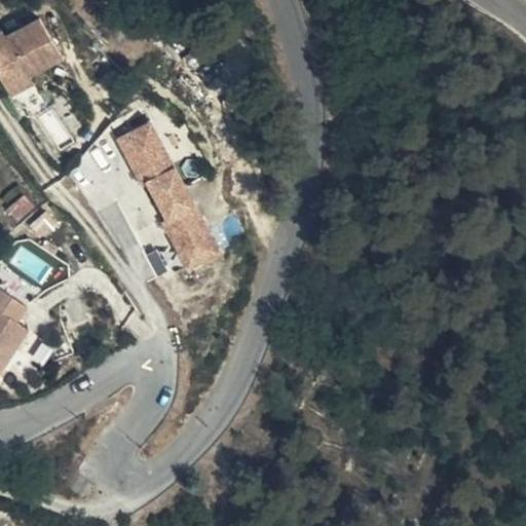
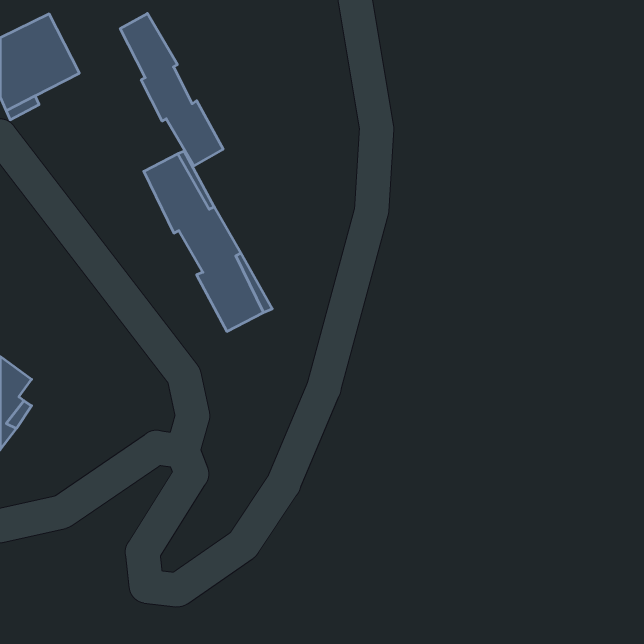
building: none -> [120,13,223,166]

